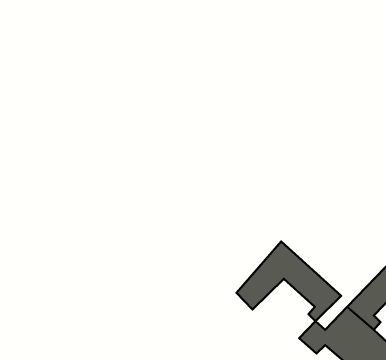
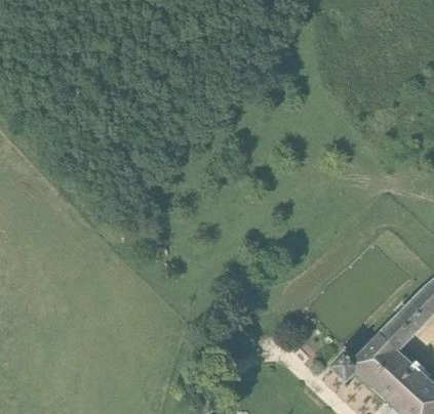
building: [236,242,341,321] -> none

